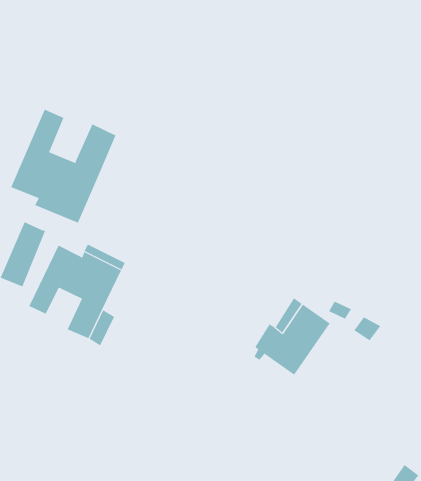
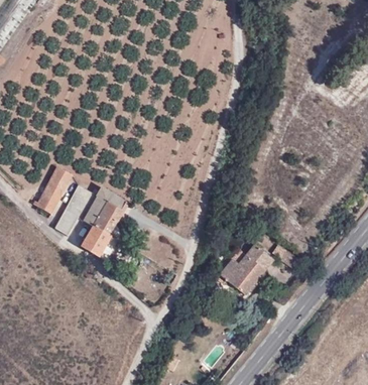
building: [11,109,116,223] -> none

